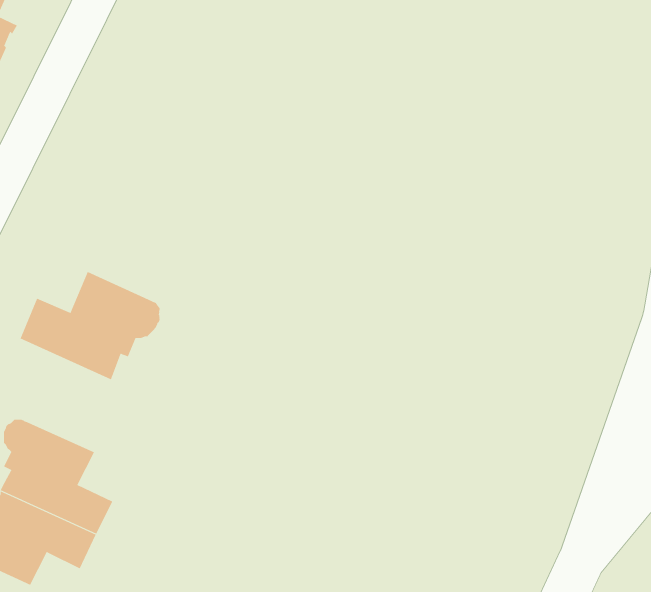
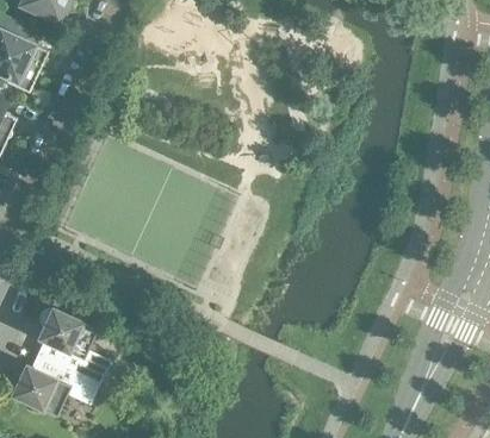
building: [20,271,160,380] -> none

